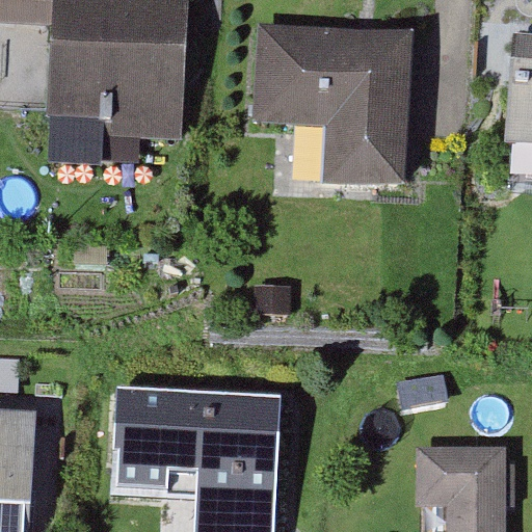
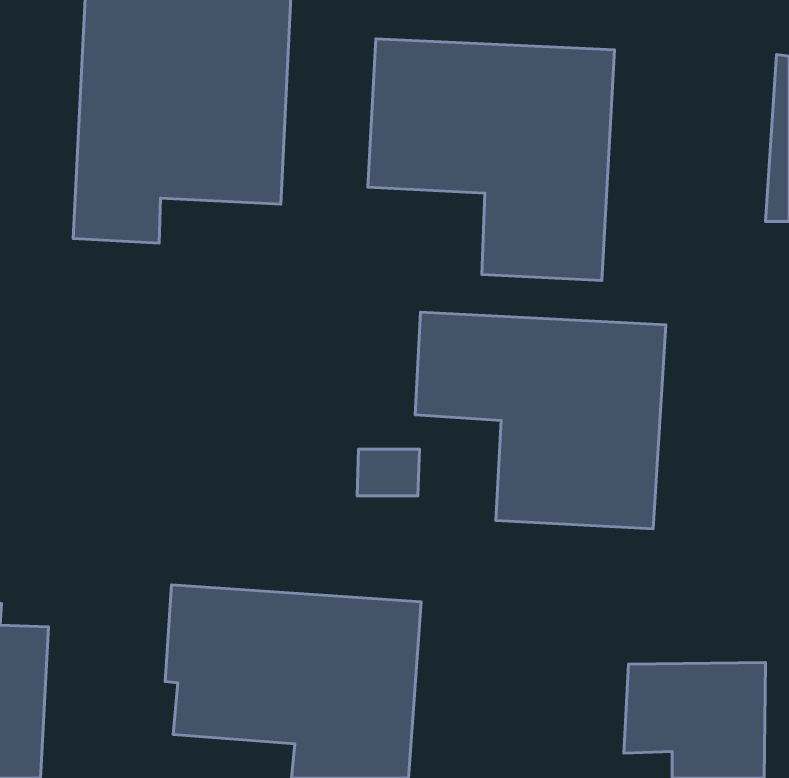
building: none -> [415,312,666,529]

